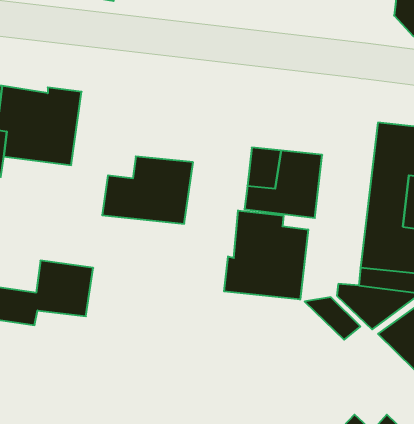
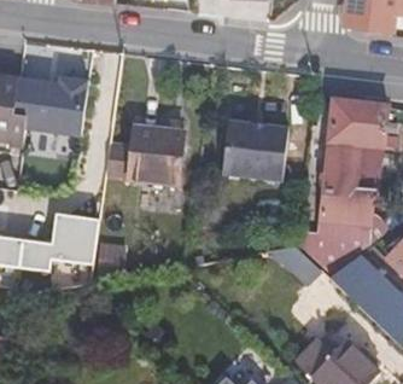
building: [224,210,308,300] -> none

